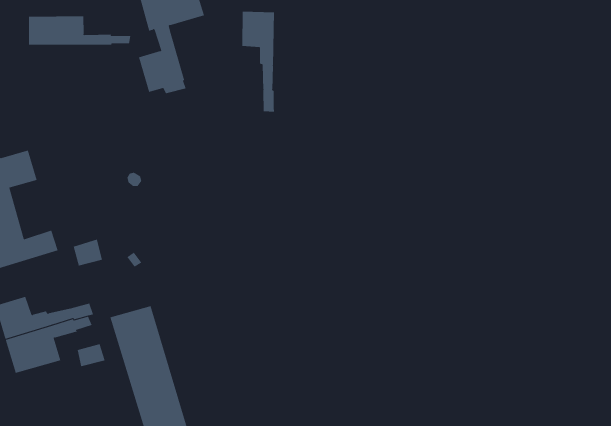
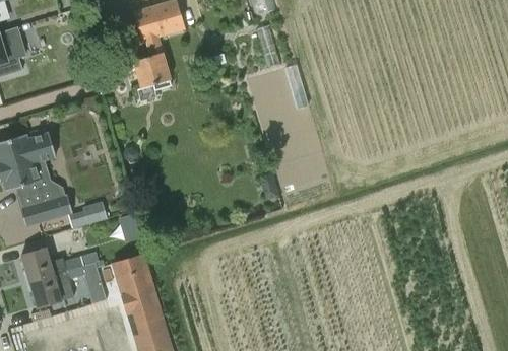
building: [242,11,274,113] -> none
building: [29,15,131,45] -> none

